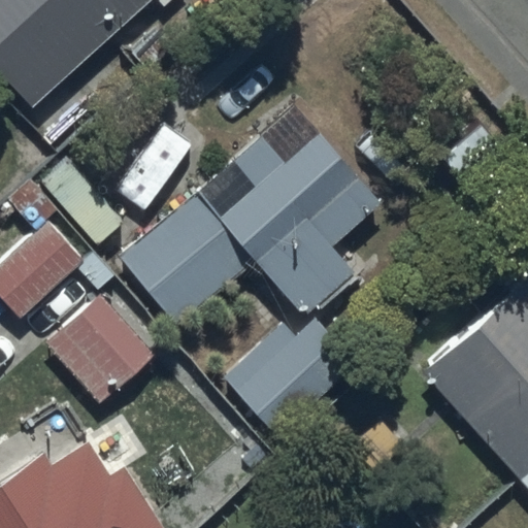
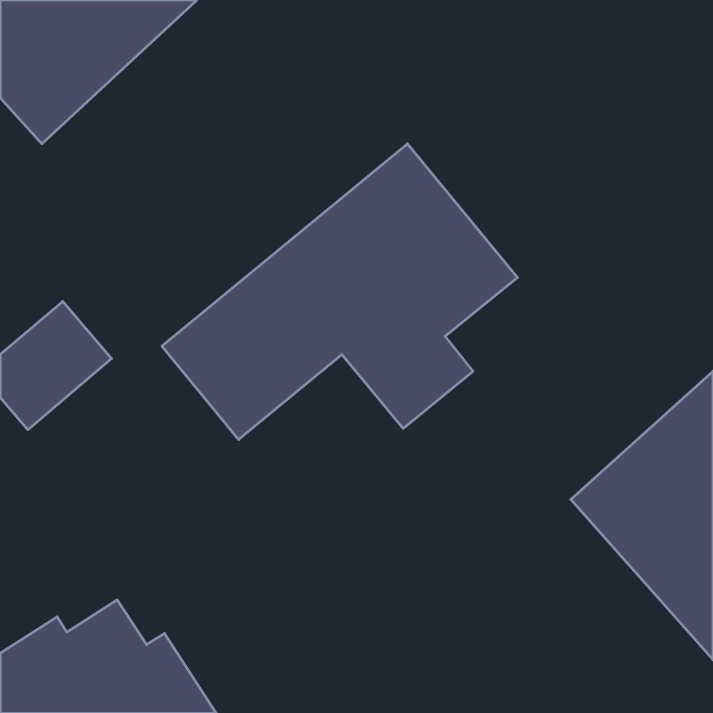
building: [44,295,155,405] -> none
building: [221,319,356,437] -> none

